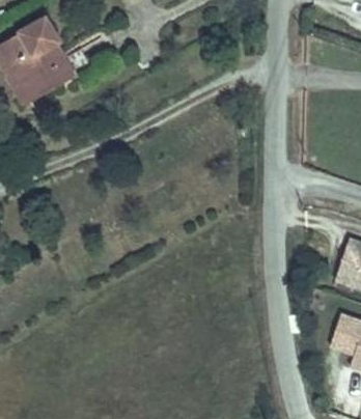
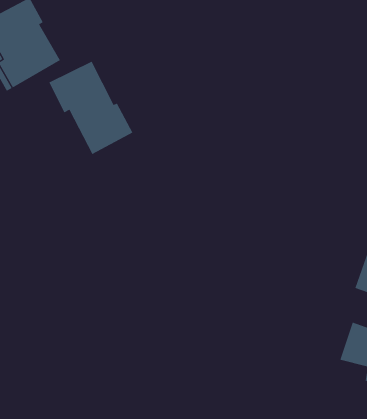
building: none -> [49,61,133,155]

